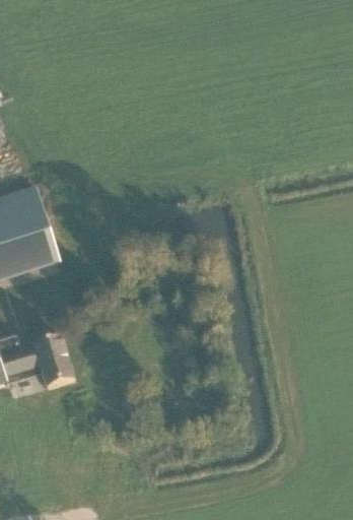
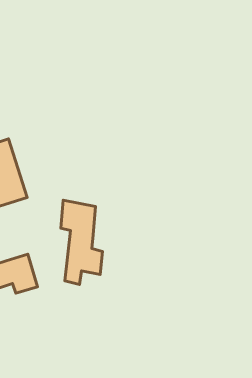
building: none -> [61,200,103,284]

